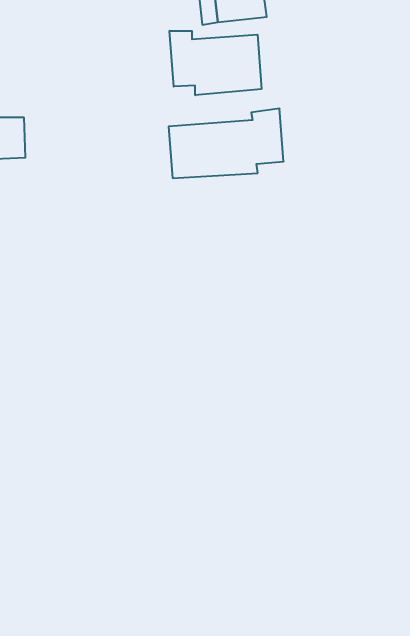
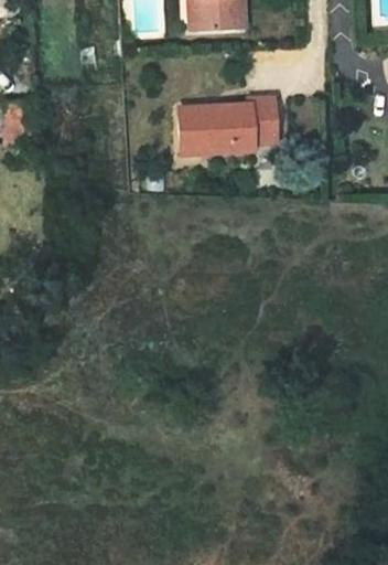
building: [170,31,261,95] -> none

